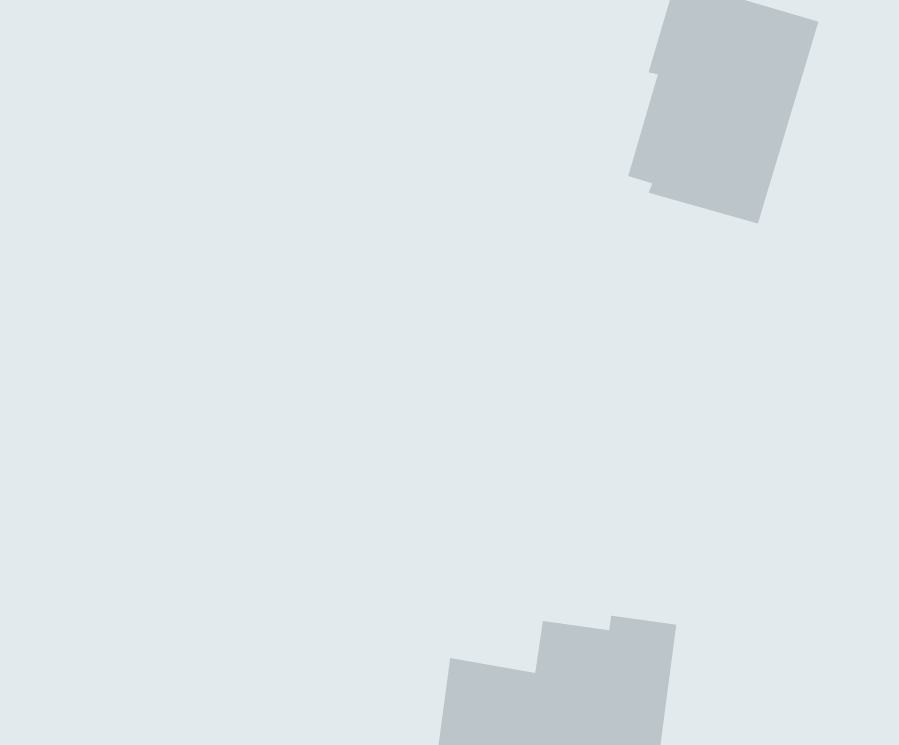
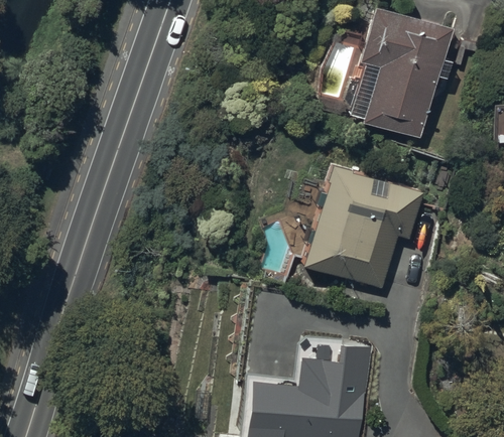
building: none -> [300,161,428,296]

